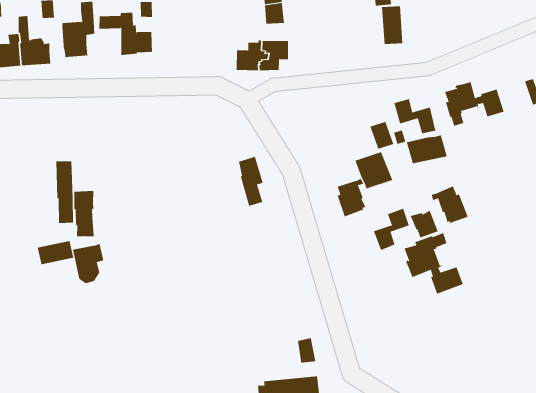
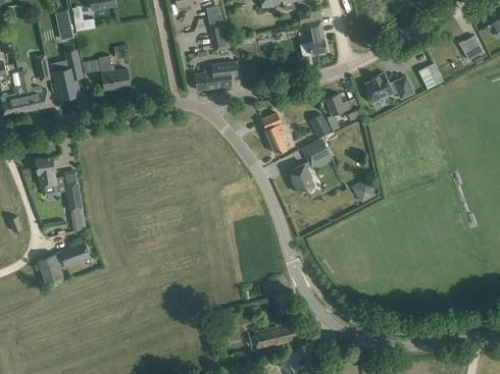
building: [406,134,447,164] -> none
building: [238,156,263,207] -> [261,112,286,153]
building: [431,185,468,224] -> none
building: [74,190,94,237] -> [35,156,56,195]
building: [373,208,410,251] -> none
building: [404,232,464,294] -> none
building: [72,243,104,284] -> [37,252,63,285]

